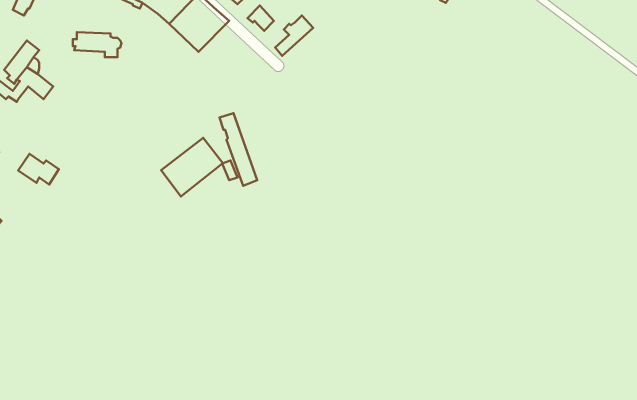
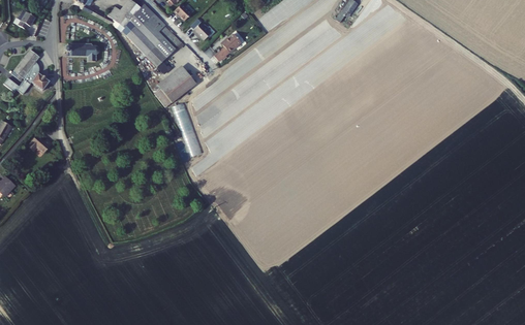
building: [161,138,223,197] -> [150,65,195,108]

